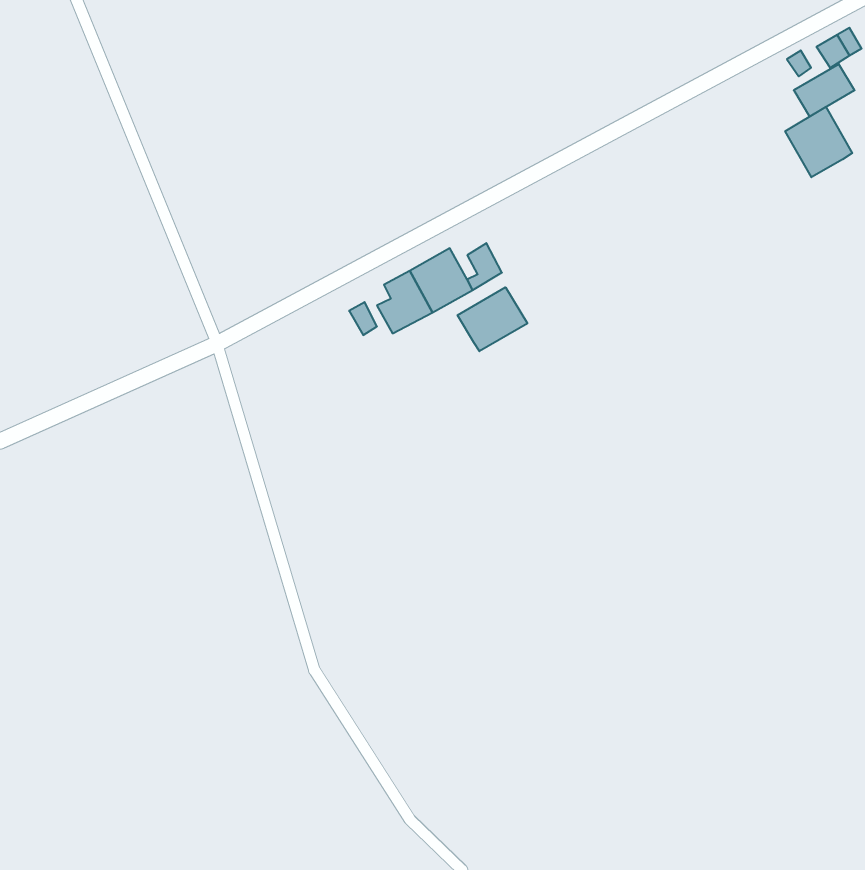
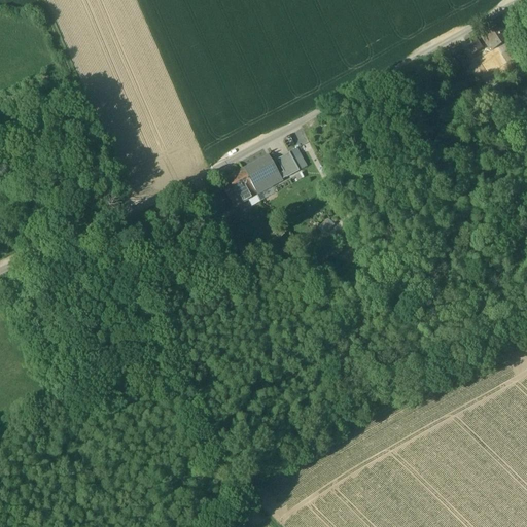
building: [785,107,852,177] -> none
building: [458,287,527,351] -> none

